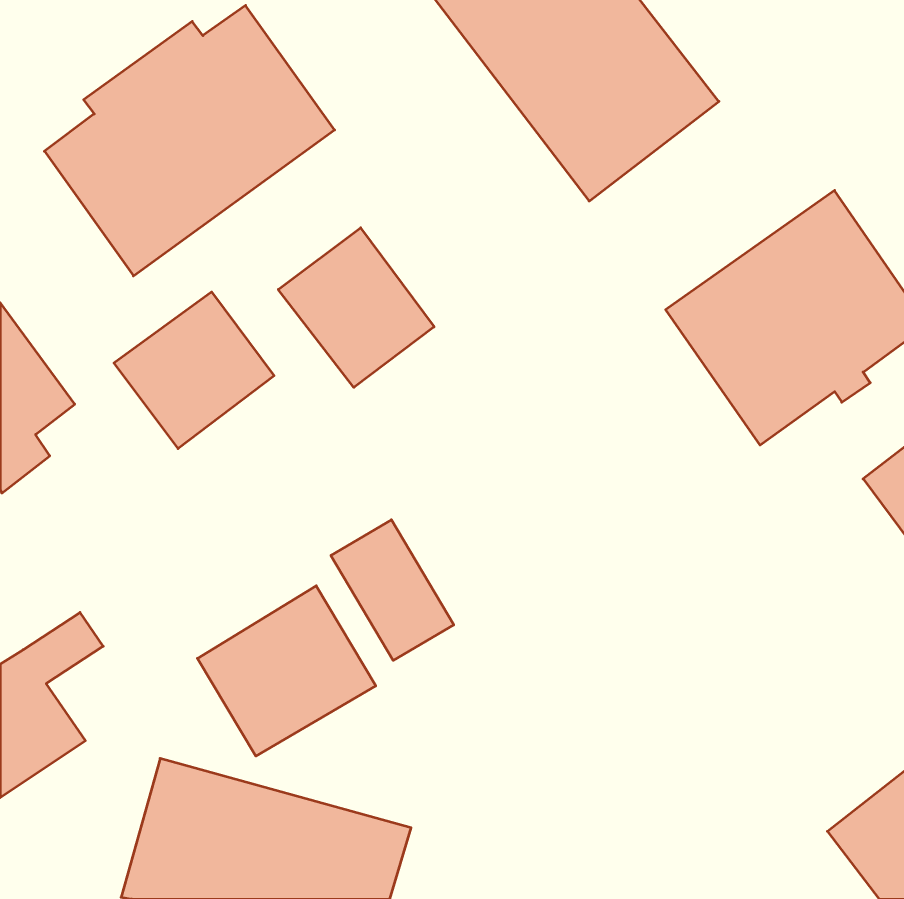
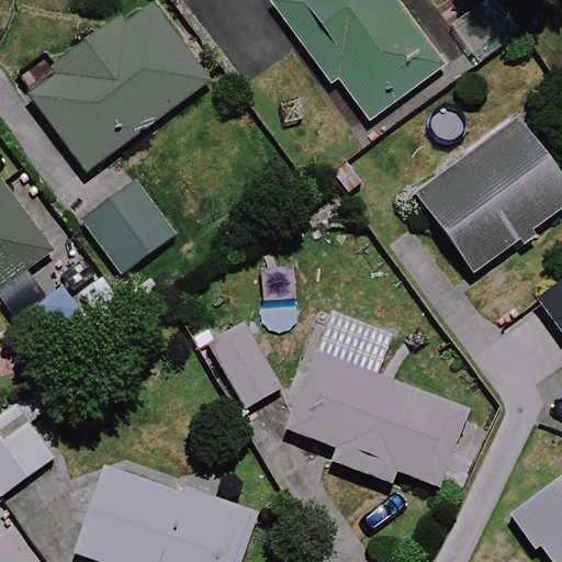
building: [278,228,434,387] -> none
building: none -> [284,312,467,485]
building: [197,586,376,756] -> none

